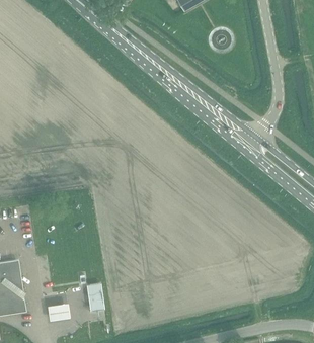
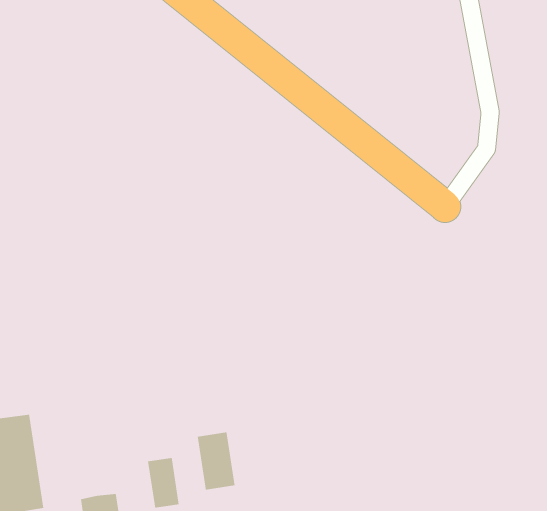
building: none -> [197,431,235,491]

